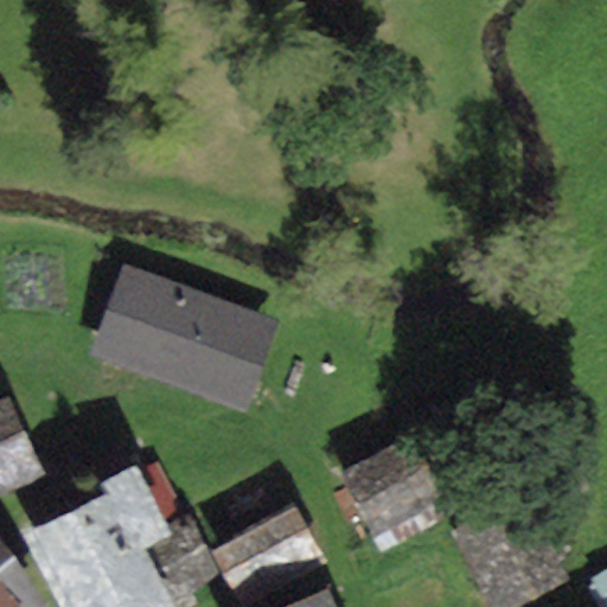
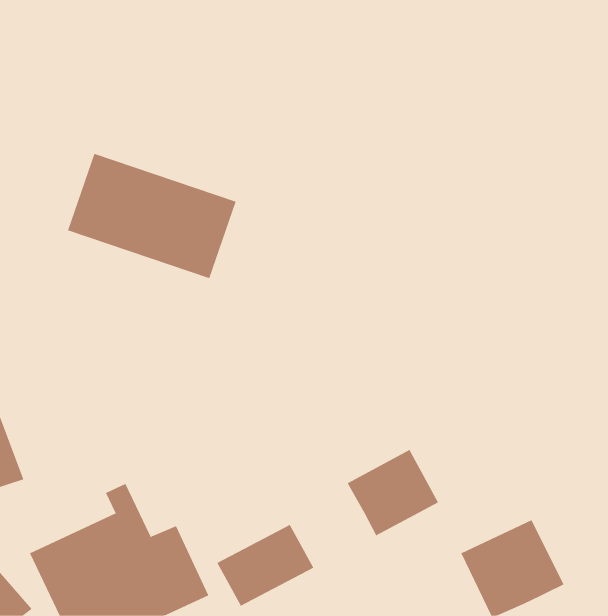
building: [92,273,258,396] -> [67,153,236,279]

